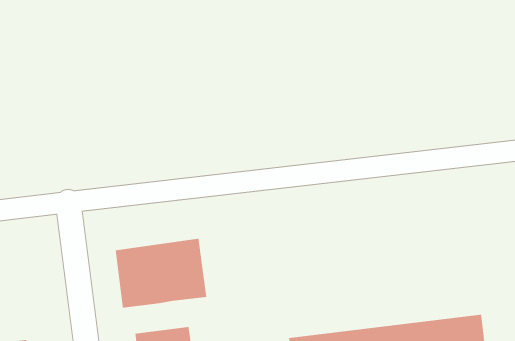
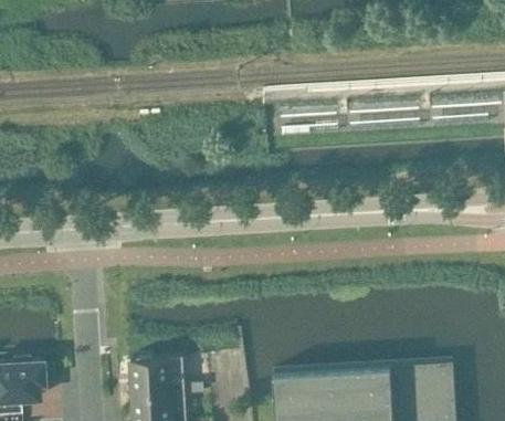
building: [115,238,207,308] -> none

